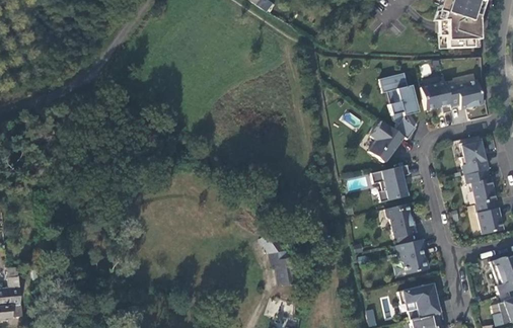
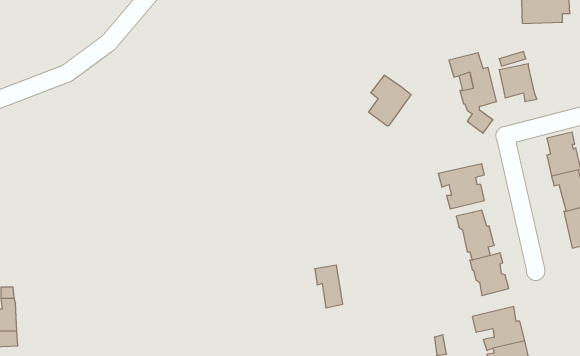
building: [445,80,484,108] -> none
building: [368,120,404,162] -> [368,75,411,125]

